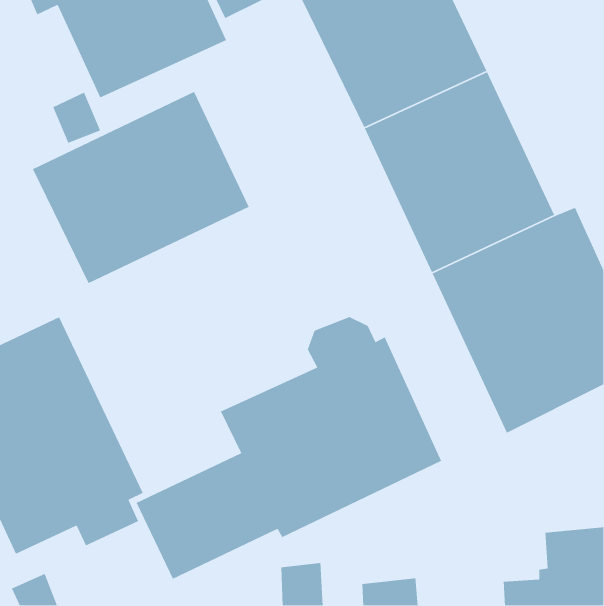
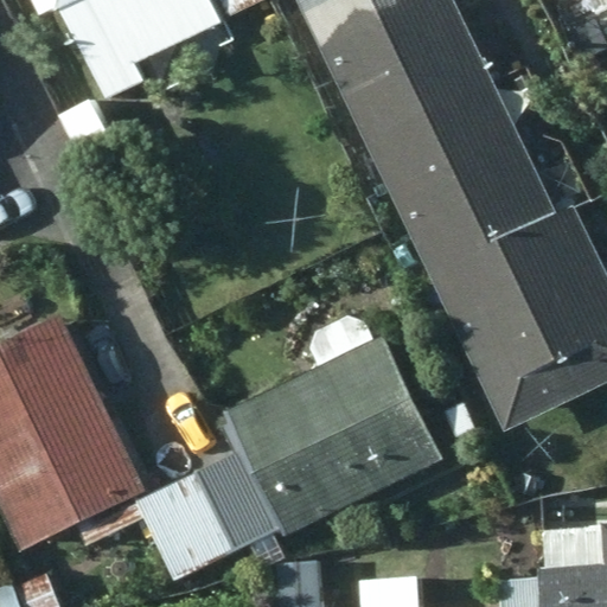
building: [32,91,250,284] -> none

